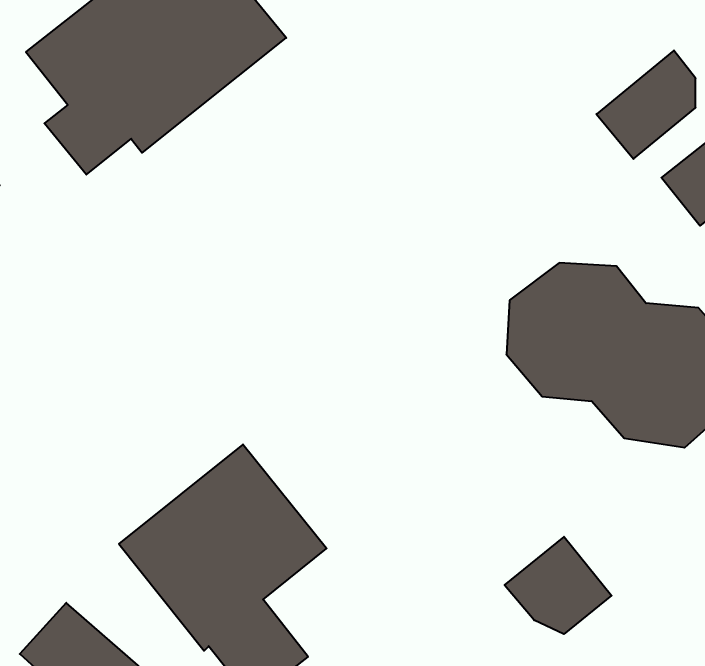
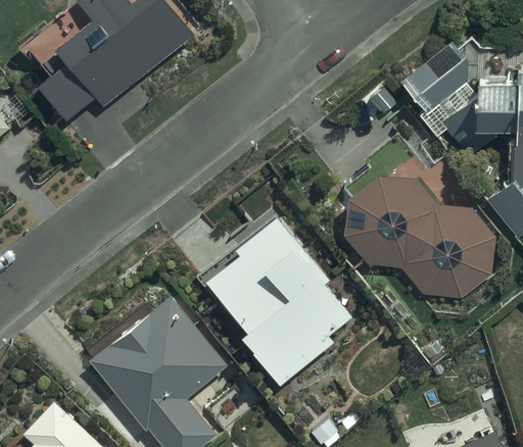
building: none -> [209,216,355,386]
building: [505,537,612,634] -> none

